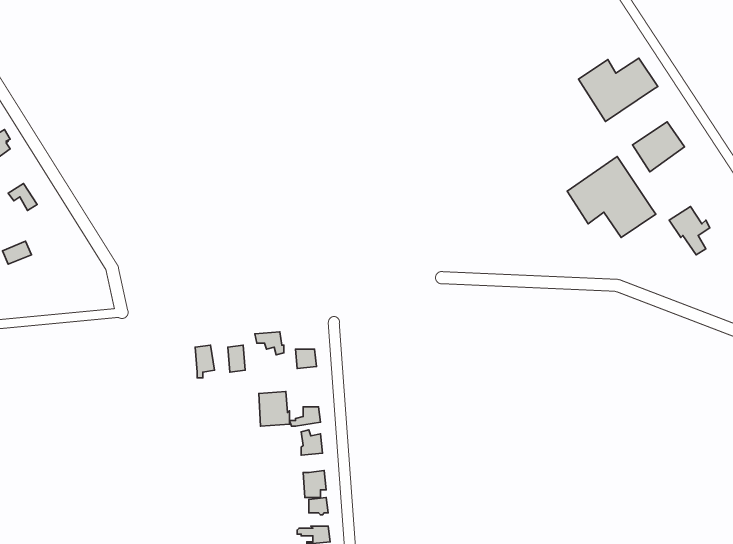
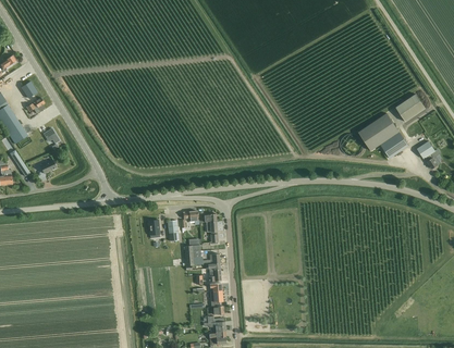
building: [579,58,658,121] -> none

